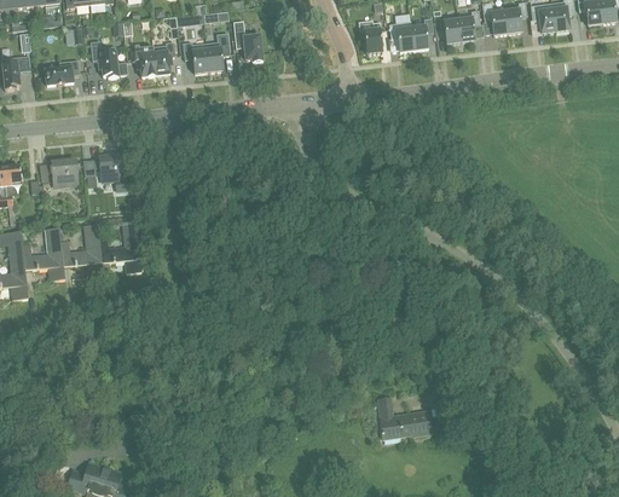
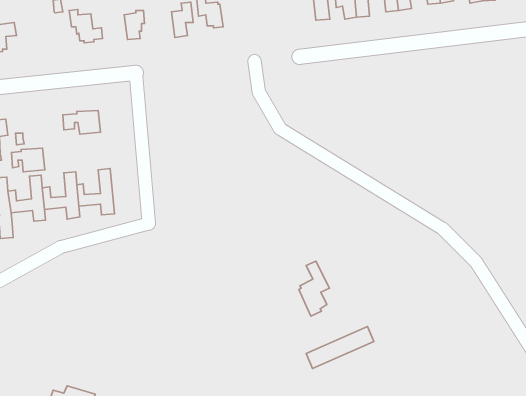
building: [181,42,208,74] -> none
building: [129,46,155,77] -> none
building: [44,60,79,85] -> none
building: [39,160,76,186] -> [11,148,45,172]
building: none -> [299,261,329,316]

